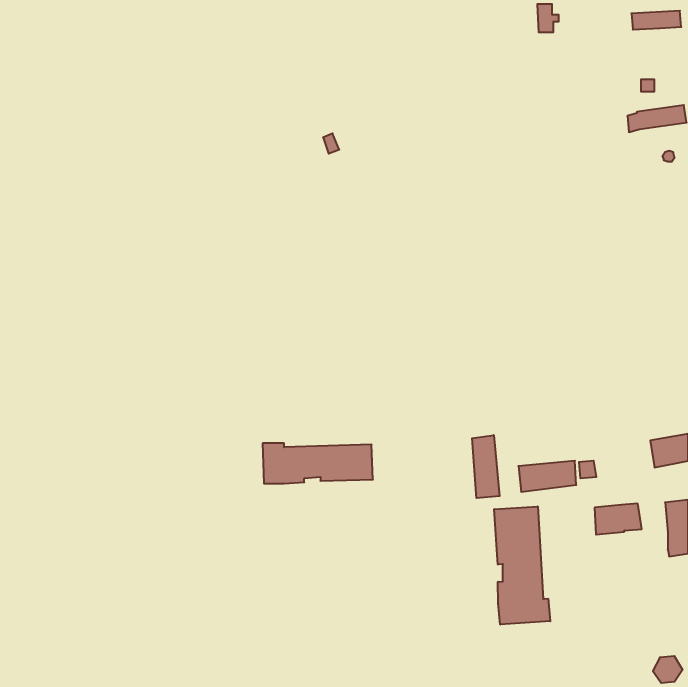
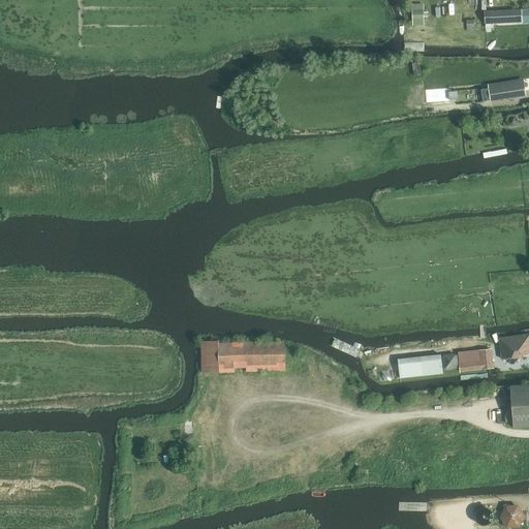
building: [472,435,500,498] -> none
building: [595,504,642,535] -> [459,347,495,371]
building: [494,506,550,625] -> none

